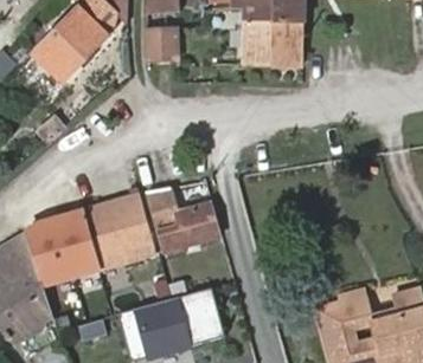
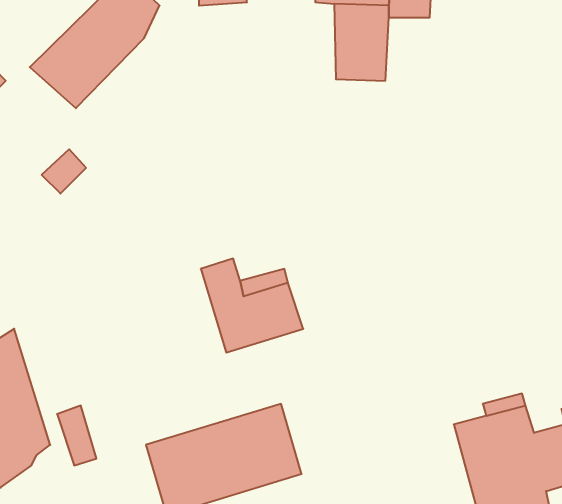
building: [276,21,307,65] -> none
building: [146,27,180,66] -> none
building: [28,193,155,286] -> none

